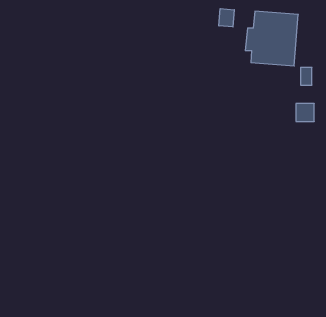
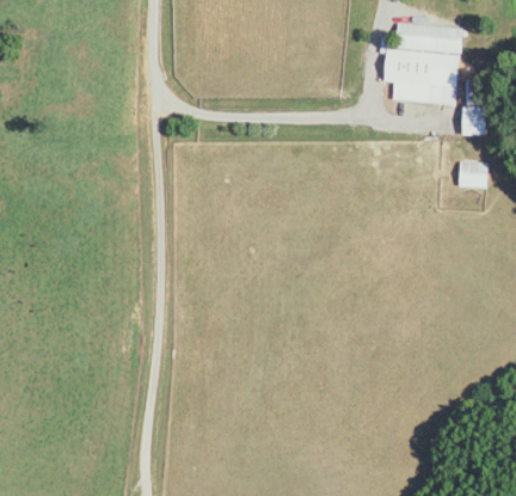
building: [219,9,234,27] -> none

